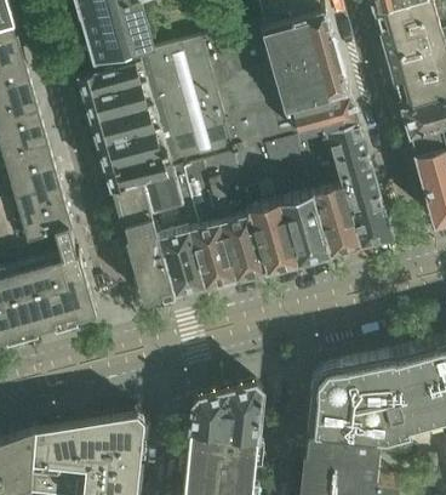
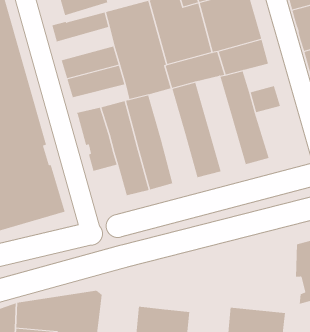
building: [85,79,159,121] -> none
building: [325,126,365,163] -> none
building: [264,142,327,264] -> none
building: [105,153,178,189] -> none
building: [204,158,265,280] -> none
building: [341,181,388,247] -> none
building: [132,256,175,306] -> none
building: [307,357,404,446] -> none
building: [190,387,263,445] -> none

